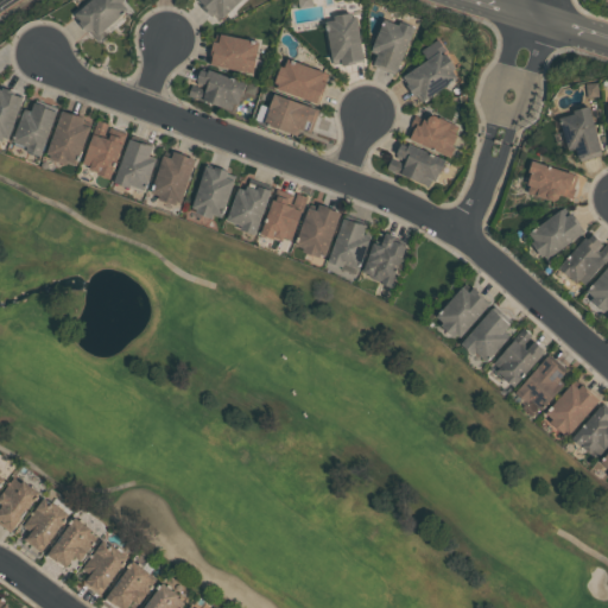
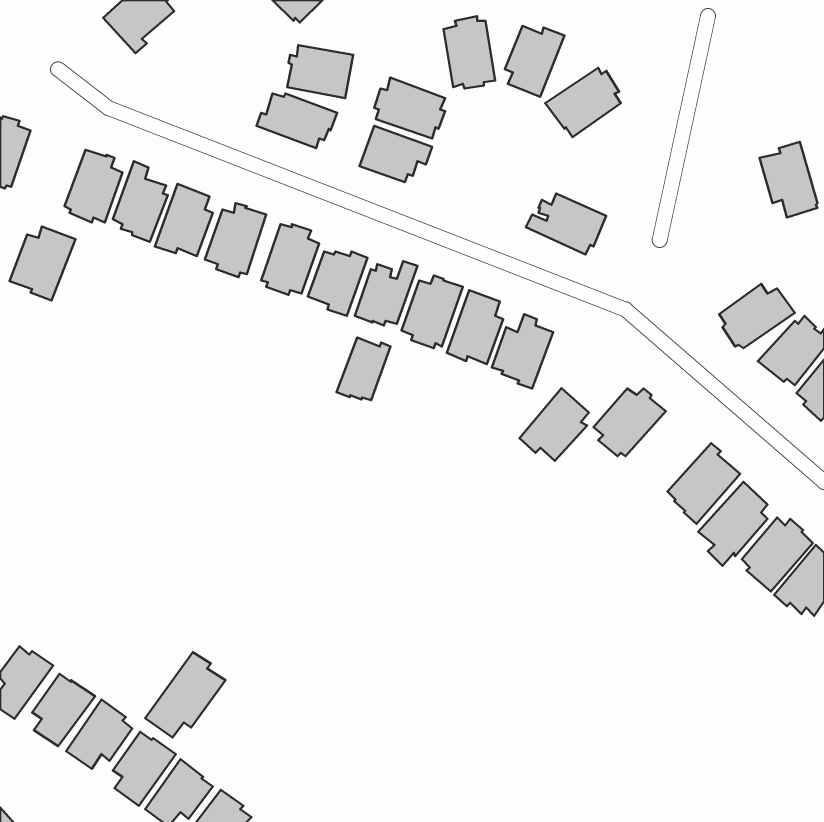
building: [11,102,59,157] -> [9,226,76,301]
building: [407,115,462,157] -> none
building: [527,160,580,201] -> none
building: none -> [337,338,391,400]
building: [461,308,512,361] -> [519,388,589,461]
building: none -> [145,652,225,738]

